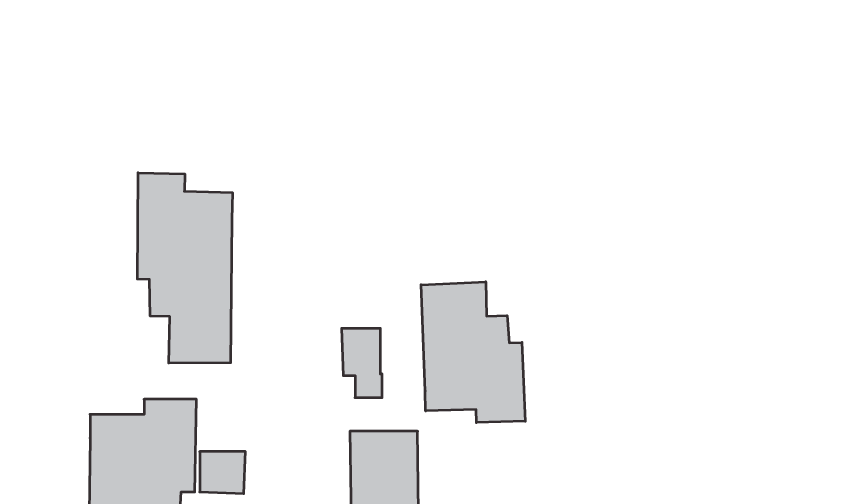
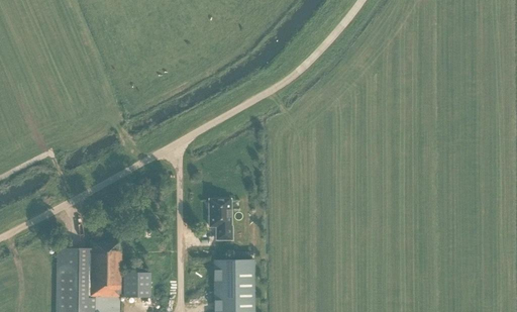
building: [137,173,232,363] -> none
building: [421,282,525,423] -> none

